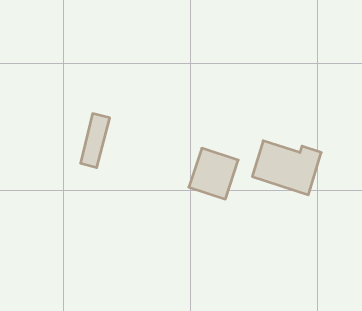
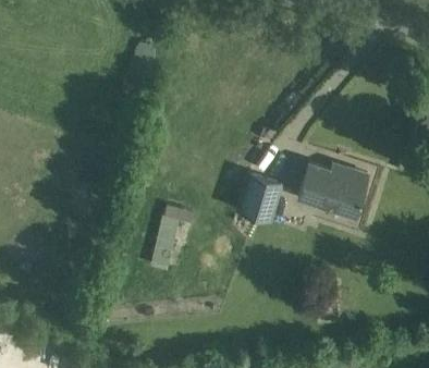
building: [81,114,110,168] -> [151,217,181,271]

